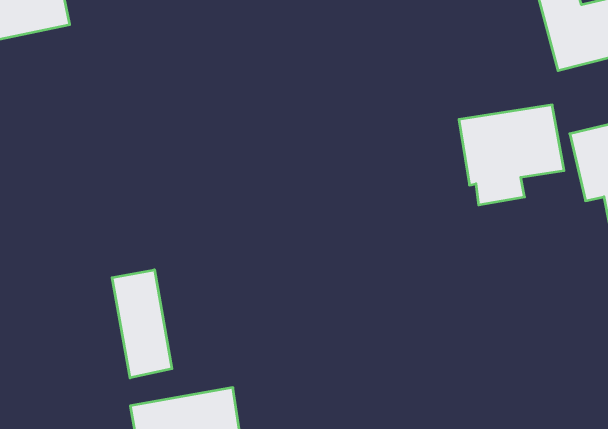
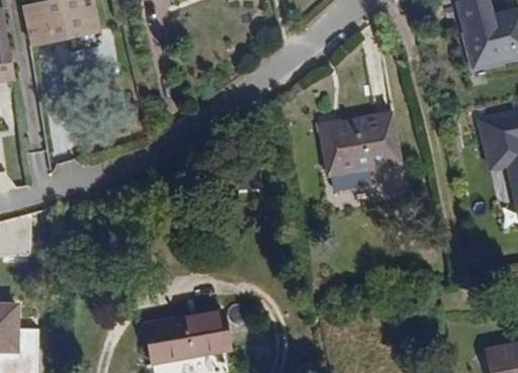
building: [459,105,564,205] -> [319,113,400,190]
building: [112,270,172,378] -> none

